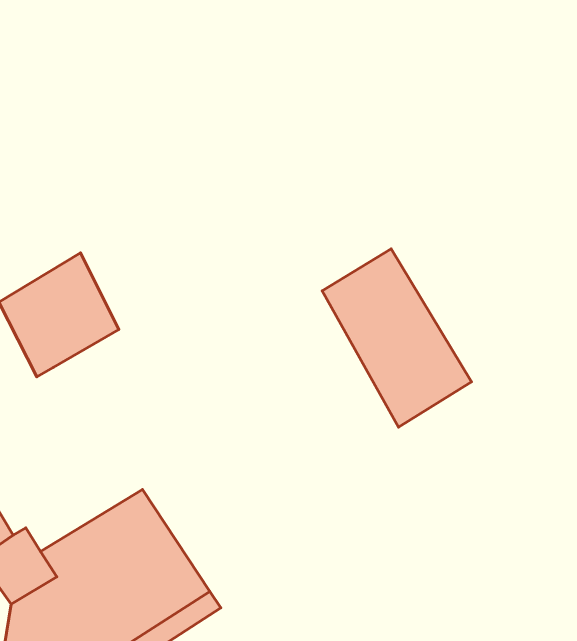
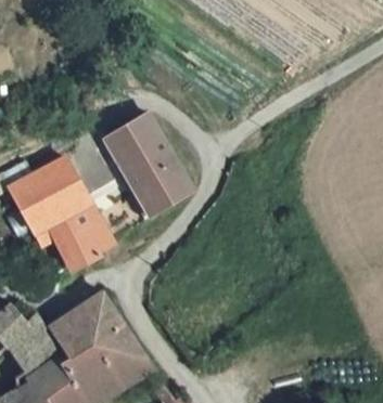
building: [322,249,471,427] -> [102,110,191,217]
building: none -> [47,203,105,272]

